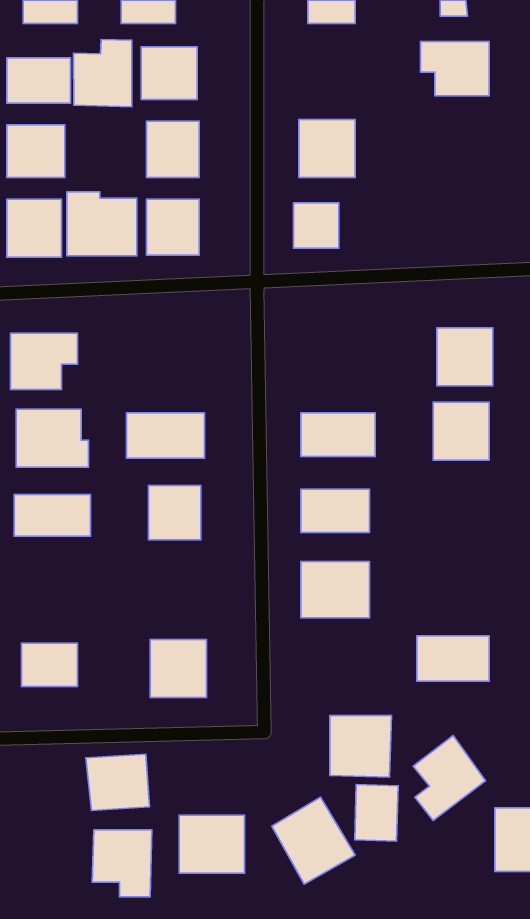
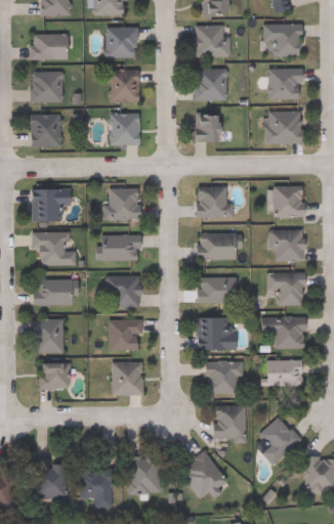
building: [73,39,132,107] -> none
building: none -> [195,26,231,56]
building: none -> [268,68,302,99]
building: [67,192,137,256] -> none
building: none -> [266,112,303,143]
building: none -> [197,187,231,217]
building: none -> [111,188,141,219]
building: none -> [267,273,306,305]
building: none -> [259,317,305,349]
building: none -> [35,318,65,354]
building: none -> [110,319,143,350]
building: none -> [206,362,240,394]
building: [86,754,149,810] -> [34,468,70,499]
building: [355,785,398,841] -> none

